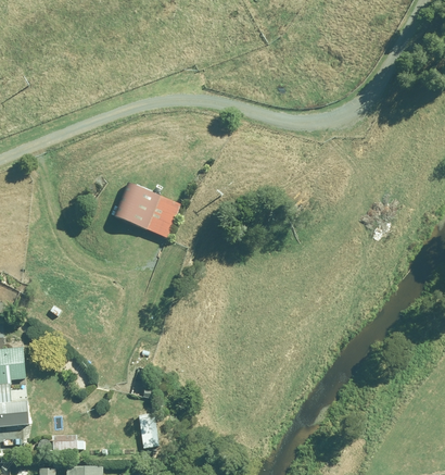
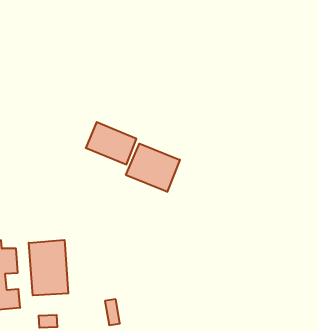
building: none -> [126,144,180,192]
building: none -> [29,240,68,295]

